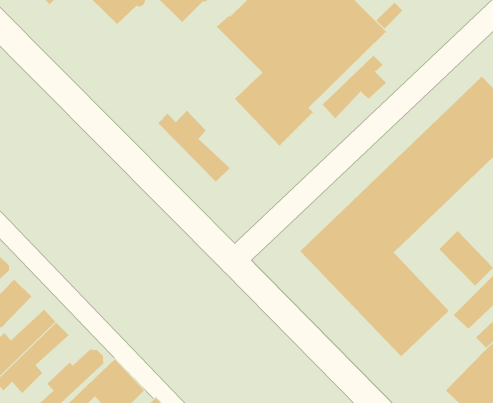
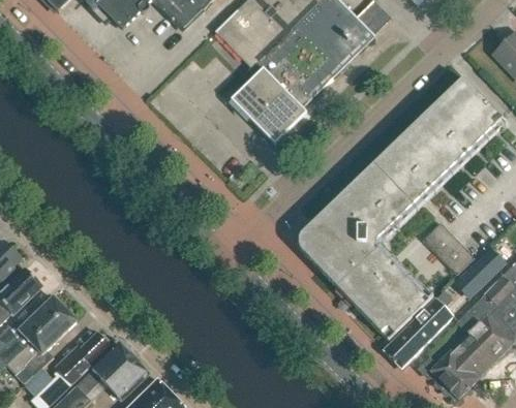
building: [322,55,387,119] -> none
building: [157,110,231,182] -> none
building: none -> [382,299,451,368]

